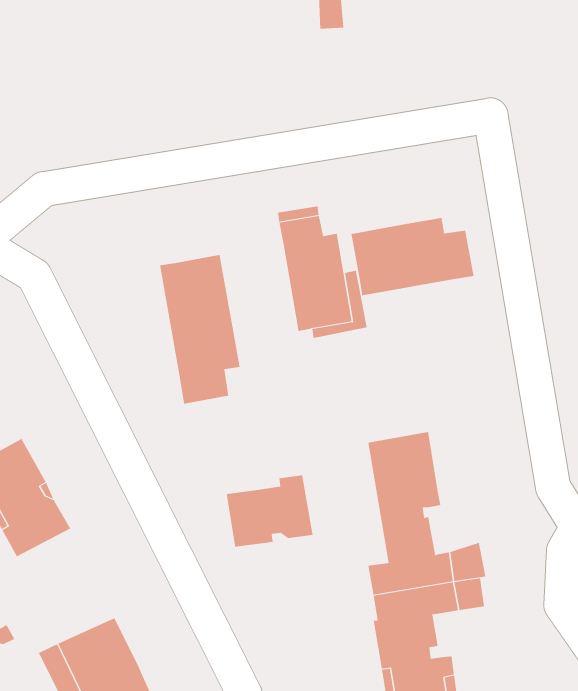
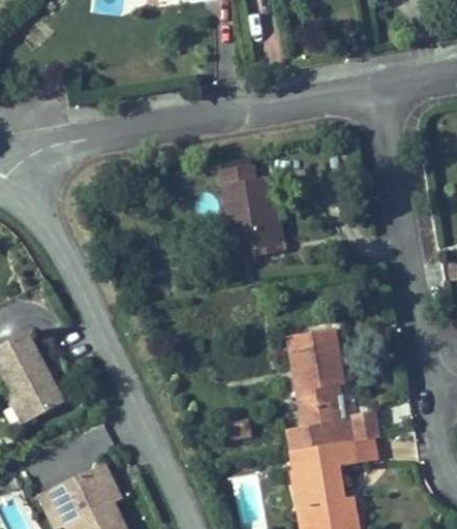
building: [351,217,474,296] -> none
building: [159,254,240,405] -> none
building: [226,474,313,548] -> none

